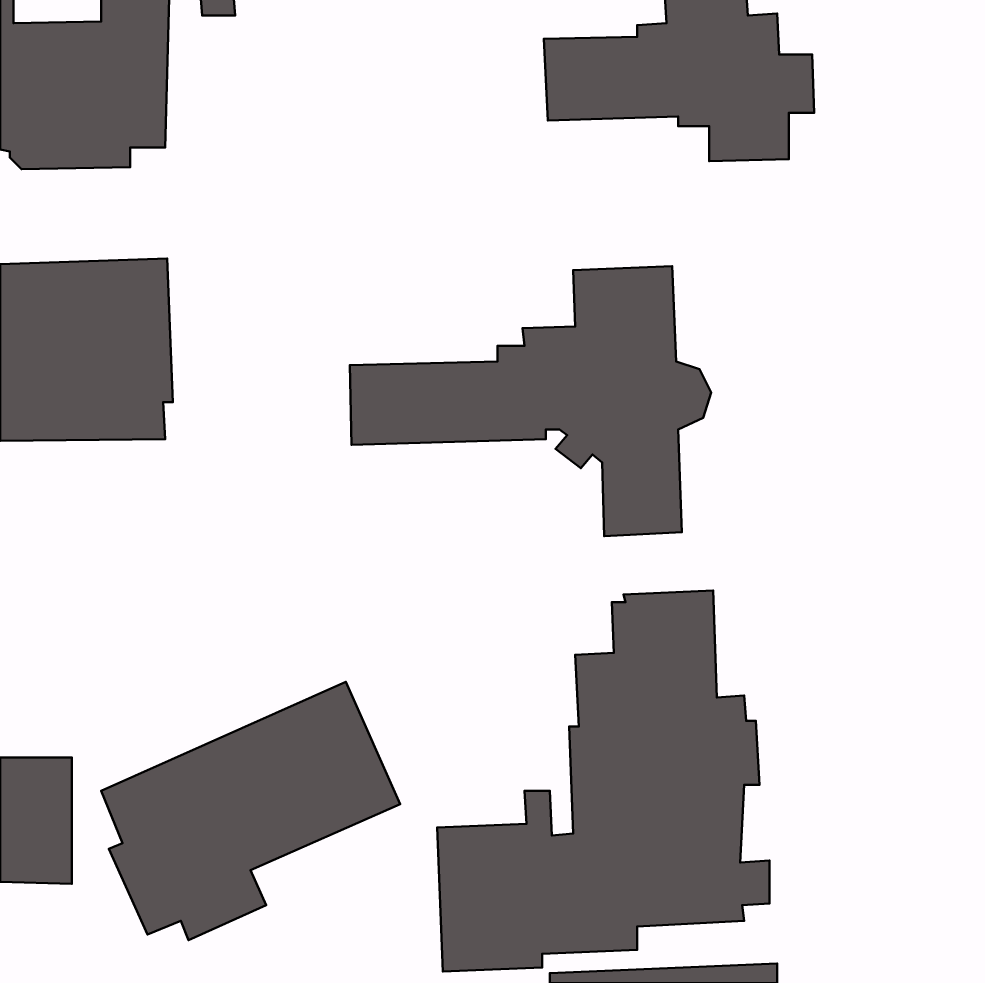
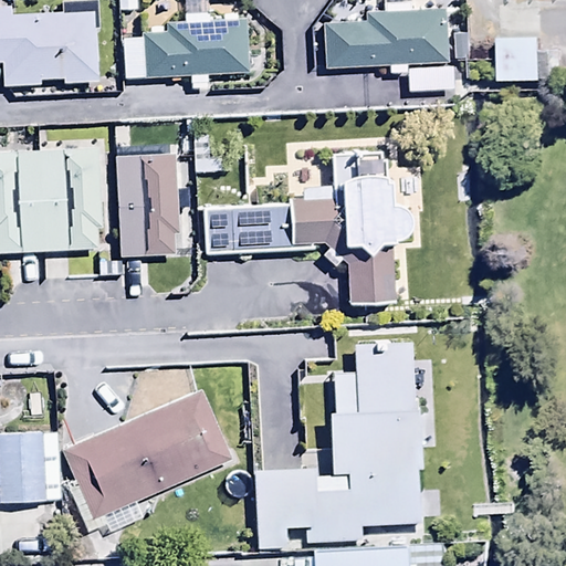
building: none -> [122,12,251,78]
building: none -> [499,40,542,84]
building: none -> [117,154,179,256]

